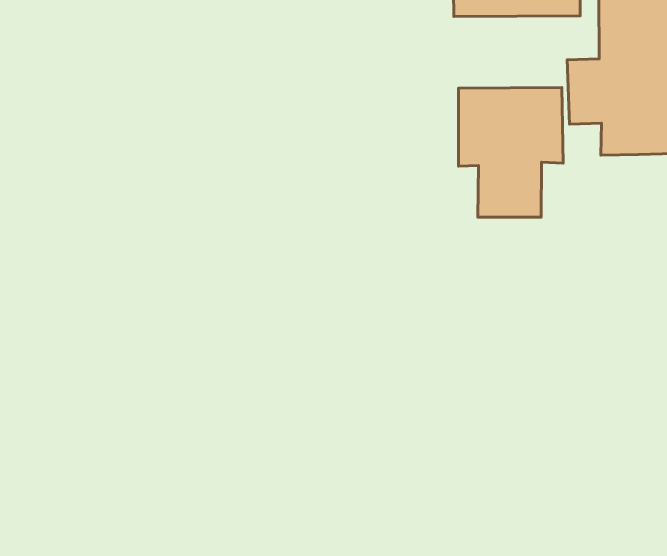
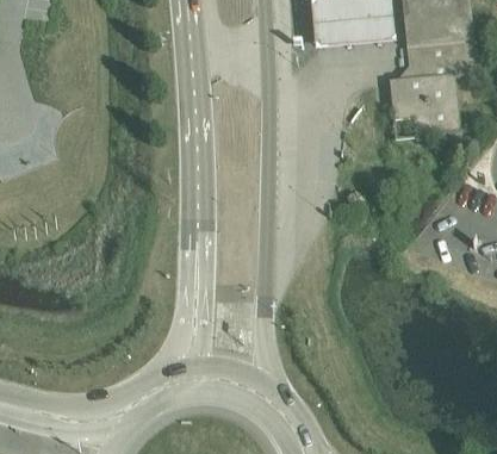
building: [458,87,563,217] -> none

